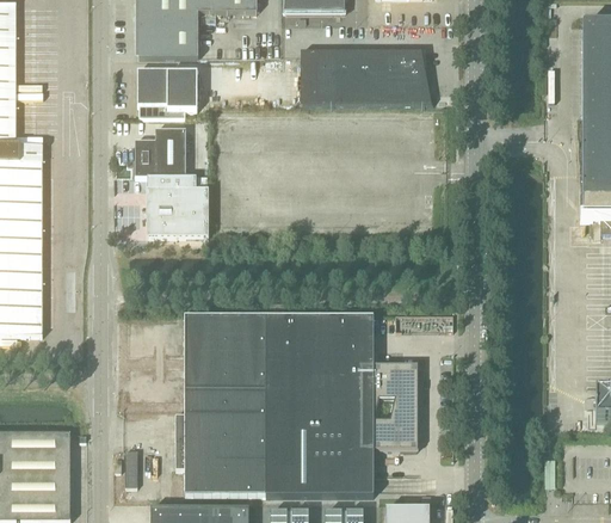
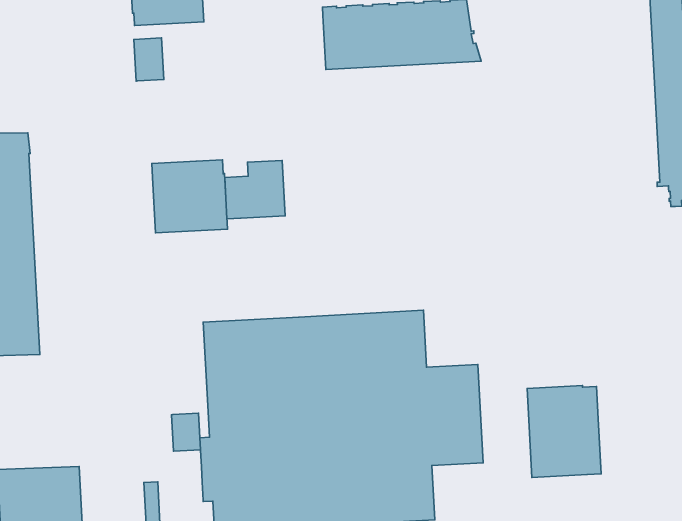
building: [138,68,197,116] -> none
building: [135,128,185,176] -> [225,160,285,219]
building: none -> [527,385,601,477]
building: none -> [171,413,200,451]

